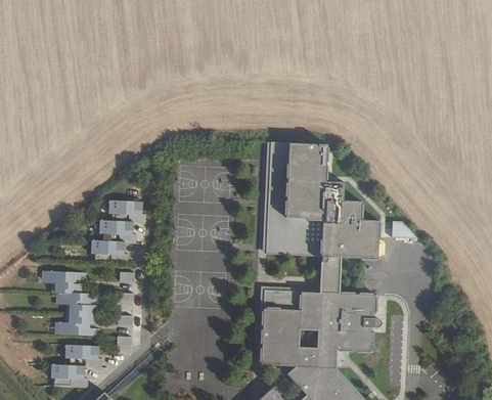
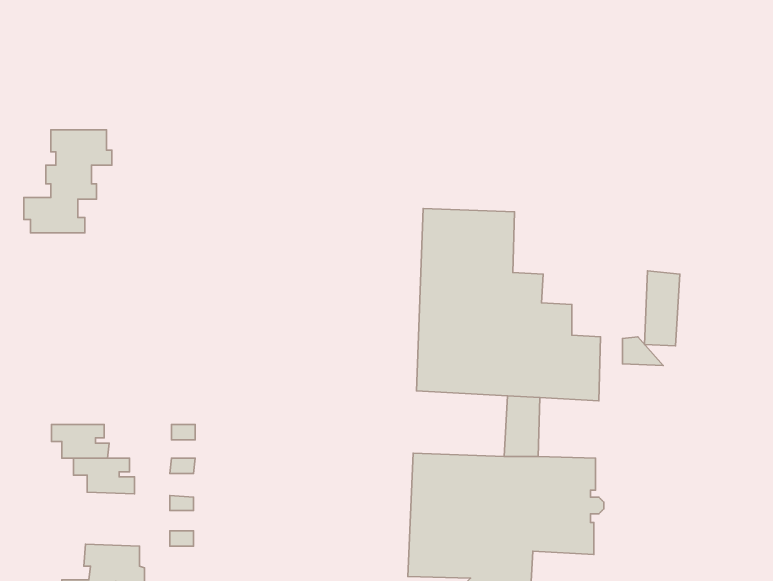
building: none -> [645,271,680,346]
building: [88,201,141,263] -> [24,130,112,233]
building: [57,313,100,336] -> none

